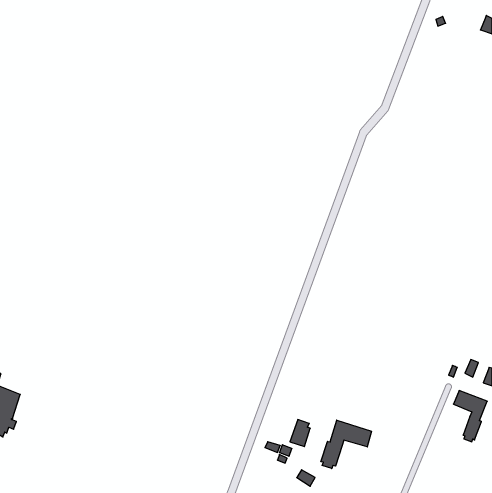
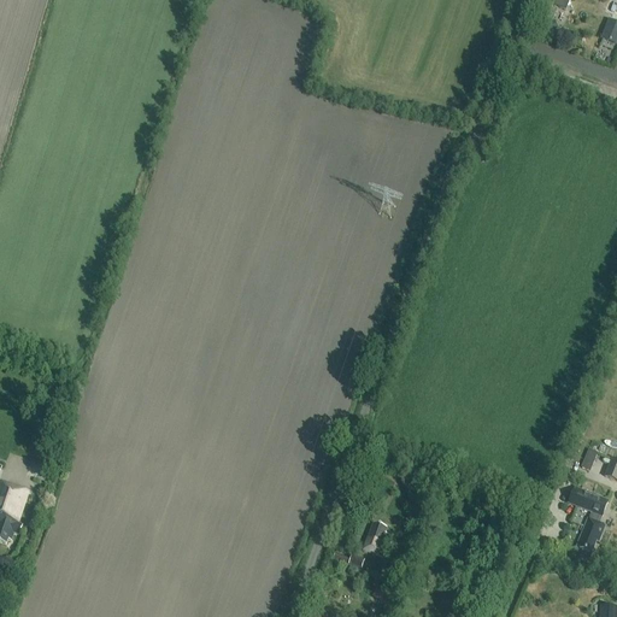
building: [321,420,371,469] -> none

